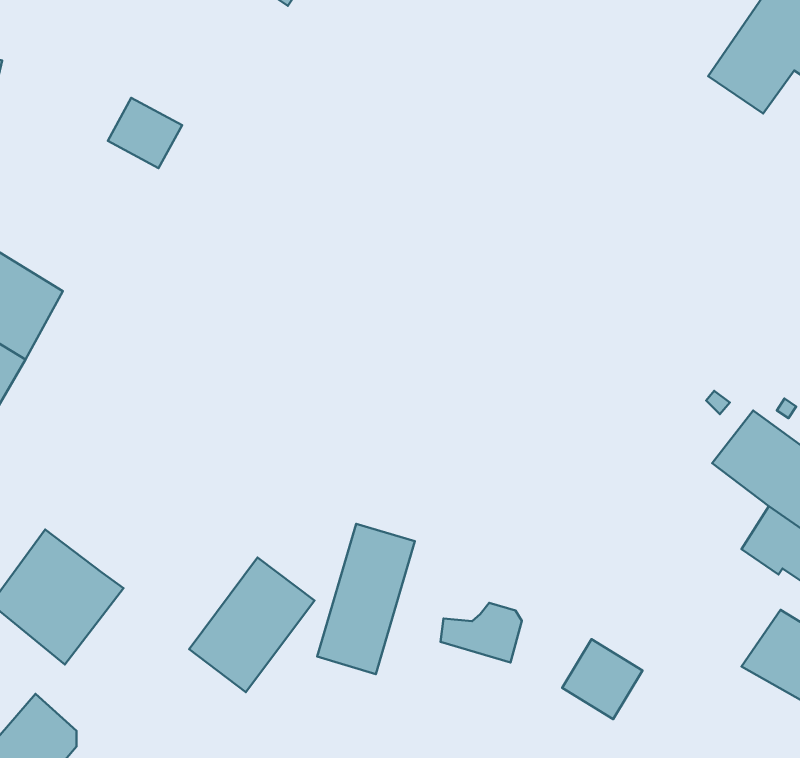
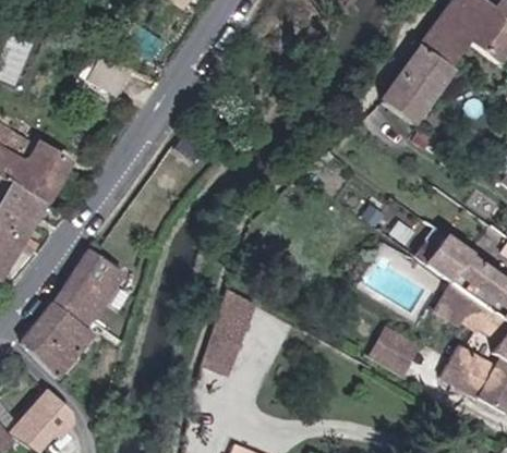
building: none -> [385,47,452,121]
building: [189,557,314,692] -> [52,248,122,323]
building: [441,603,522,663] -> none
building: [562,639,642,719] -> [376,327,421,371]

